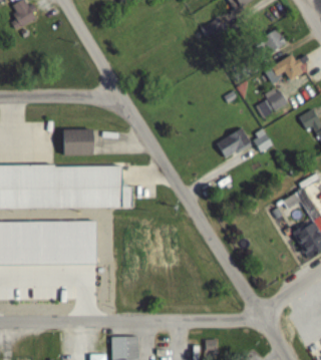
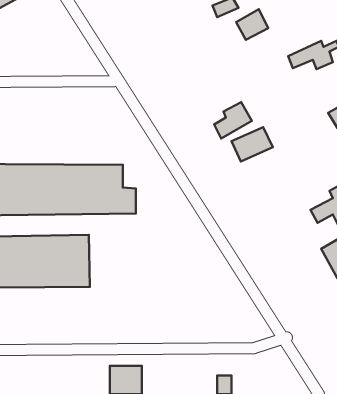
building: [259,28,286,54] -> [236,9,268,40]
building: [257,87,289,118] -> [214,102,252,139]
building: [62,129,93,156] -> none

